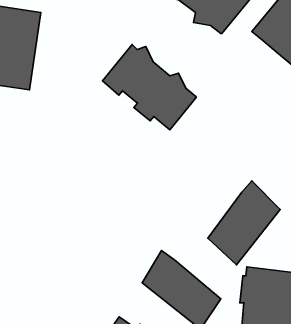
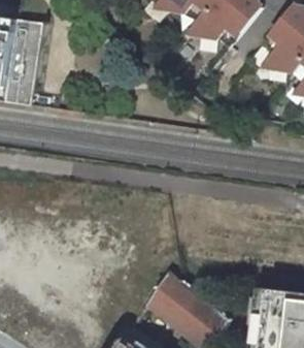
building: [102,44,196,130] -> none
building: [208,181,280,265] -> none

